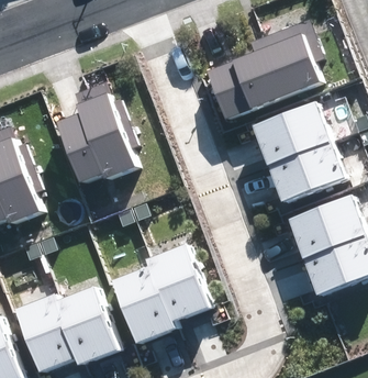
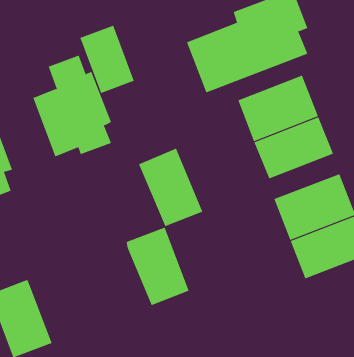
building: none -> [80,25,135,94]
building: [114,266,176,341] -> [138,148,203,227]
building: [59,287,119,363] -> none

